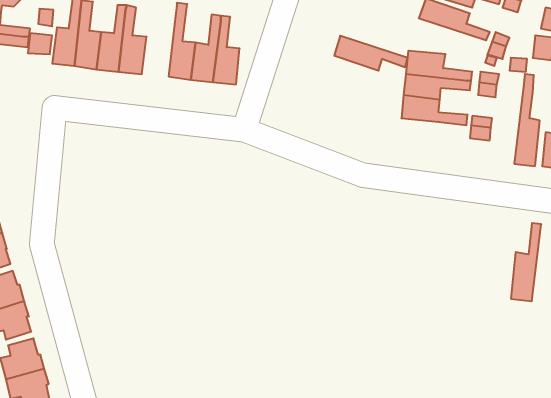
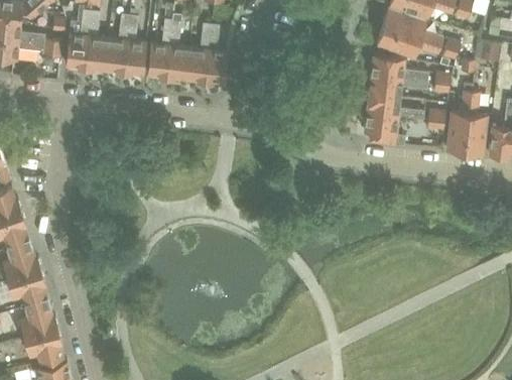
building: none -> [145,13,171,75]
building: [334,36,408,71] -> [376,24,439,54]
building: none -> [363,111,404,143]
building: [511,223,541,301] -> [445,83,472,150]

